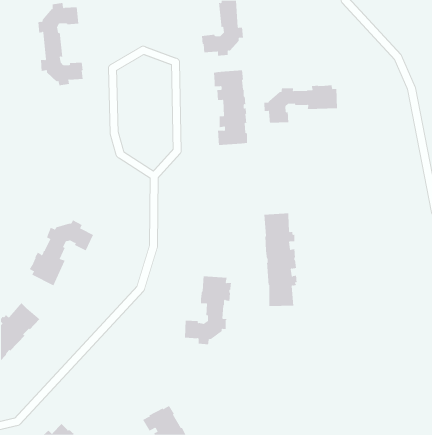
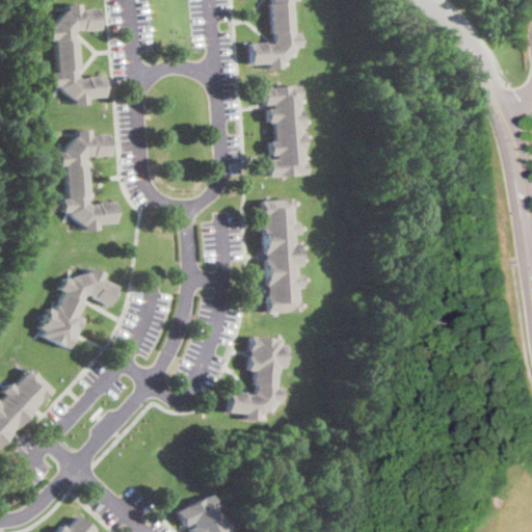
building: [264,84,338,124] -> none
building: none -> [59,130,116,231]
building: [263,213,298,307] -> [262,198,303,313]

